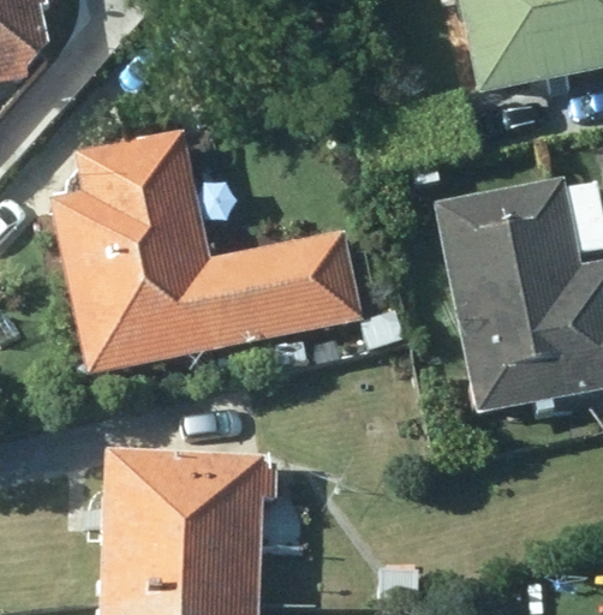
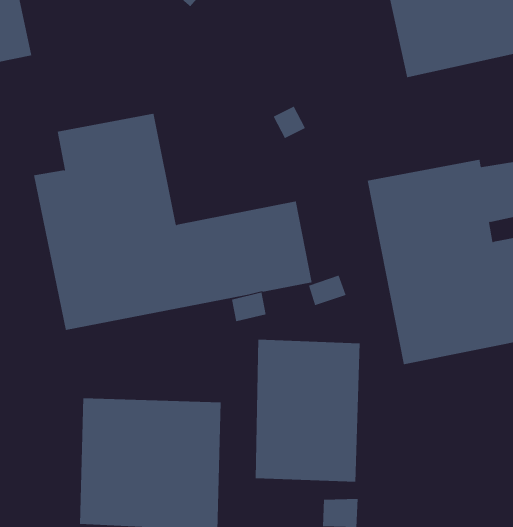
building: none -> [255,339,360,482]

